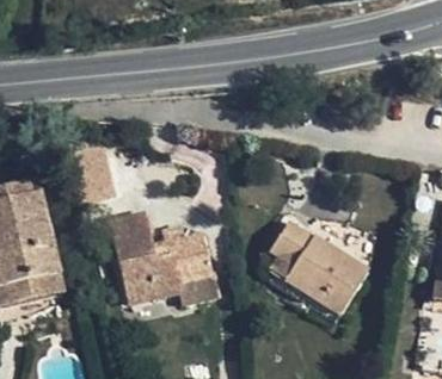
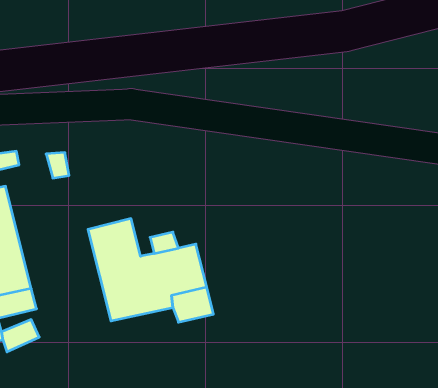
building: [269,222,370,317] -> none

